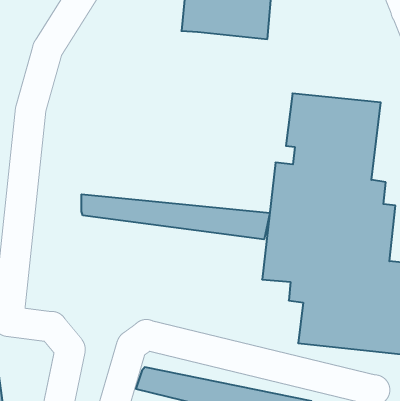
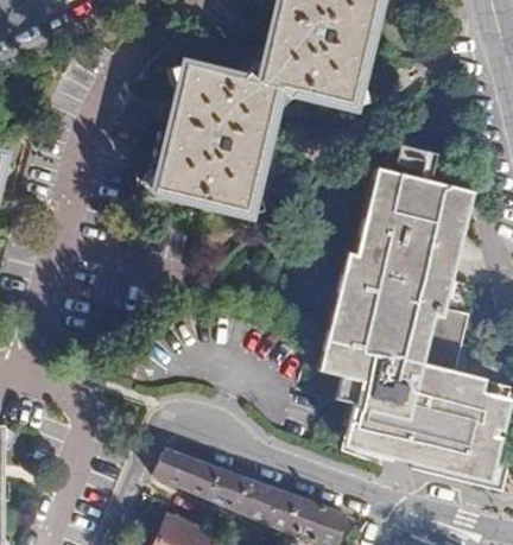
building: none -> [154,65,279,214]
building: [81,194,270,239] -> none

